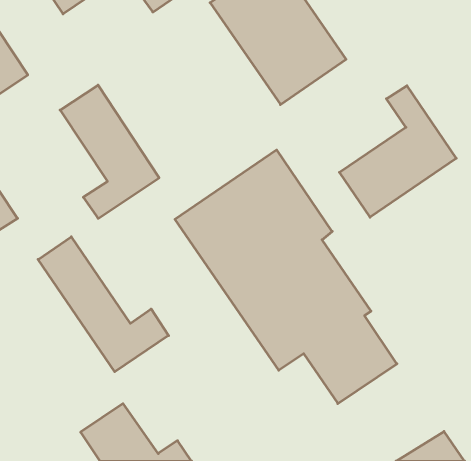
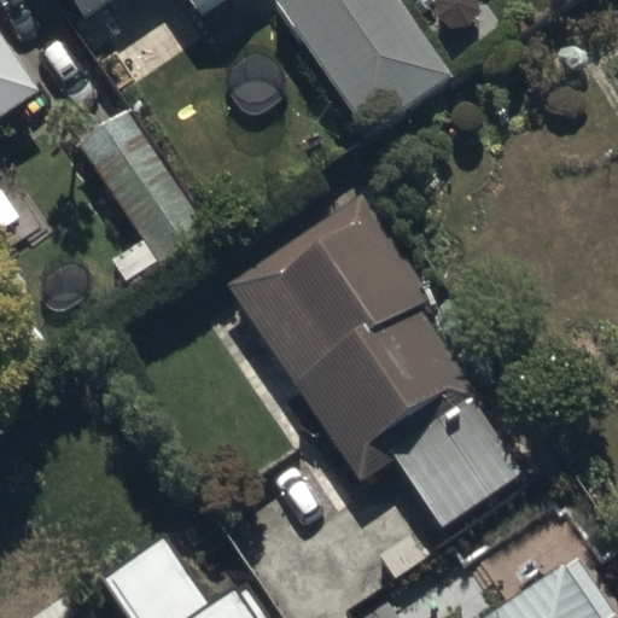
building: [339,86,456,217] -> none
building: [38,237,169,372] -> none

